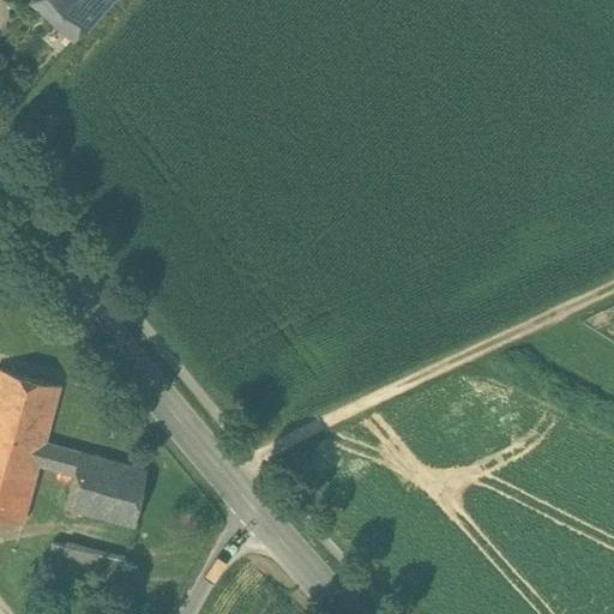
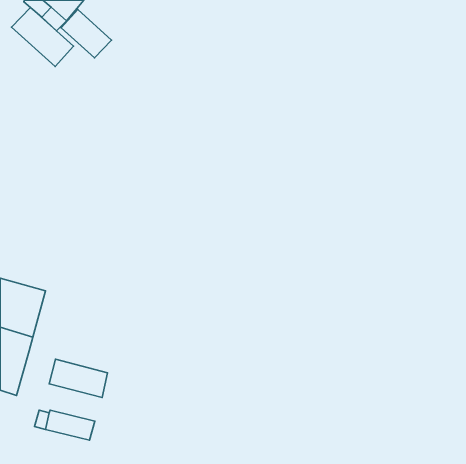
building: none -> [12,8,73,67]
building: none -> [61,9,112,58]
building: [38,441,146,493] -> none

